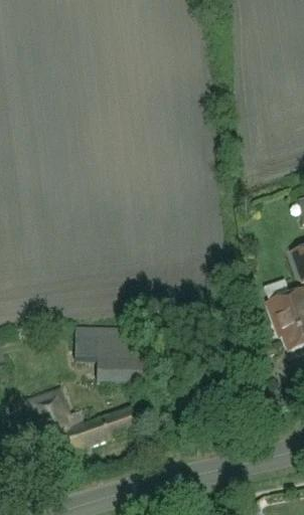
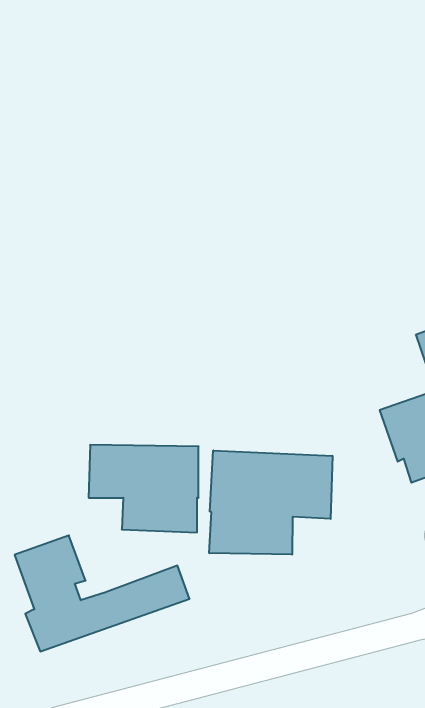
building: none -> [209,450,332,555]

